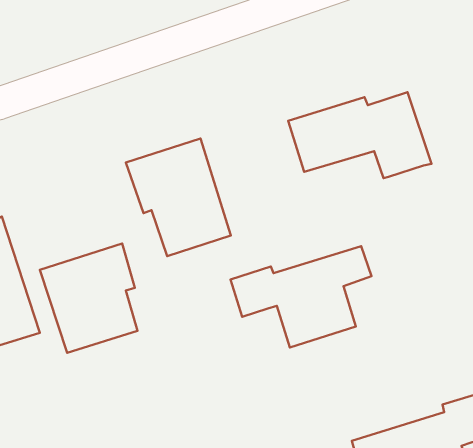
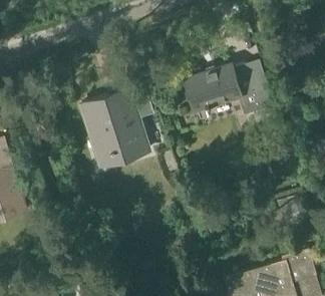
building: [40,243,137,353] -> none
building: [230,246,371,348] -> none

